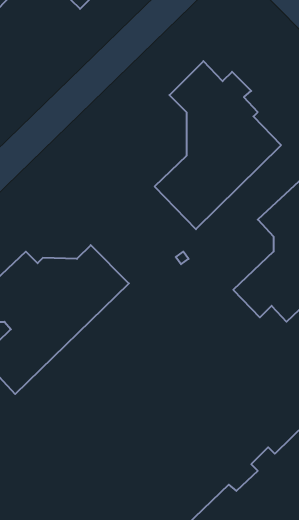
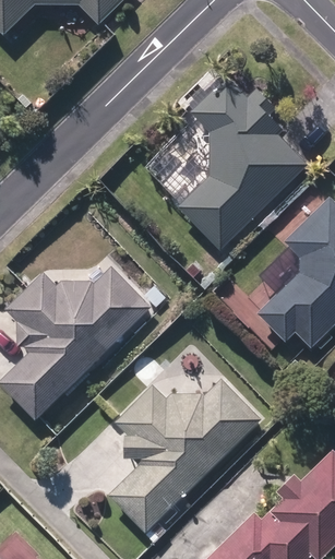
building: none -> [110,378,262,544]

